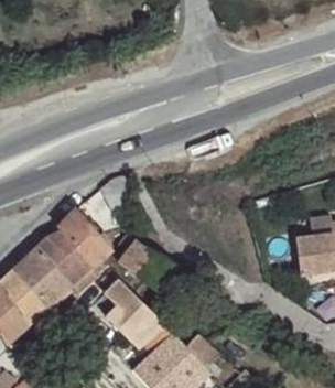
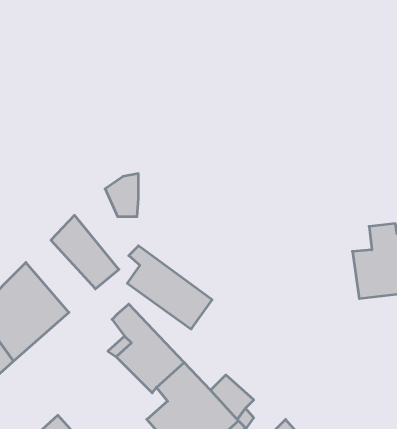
building: [37,227,93,284] -> none

